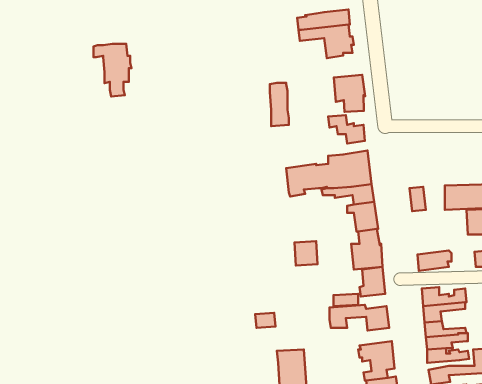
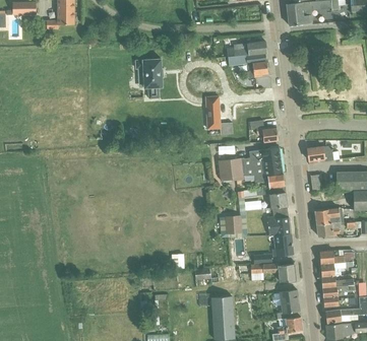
building: [94,44,131,97] -> [135,58,164,97]
building: [334,75,365,112] -> none
building: none -> [306,145,339,160]
building: none -> [314,207,344,224]

